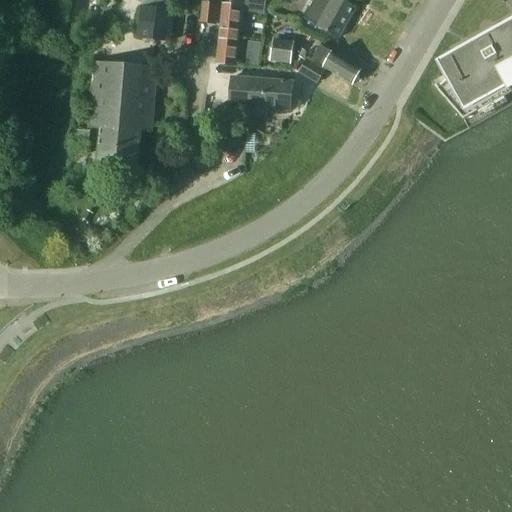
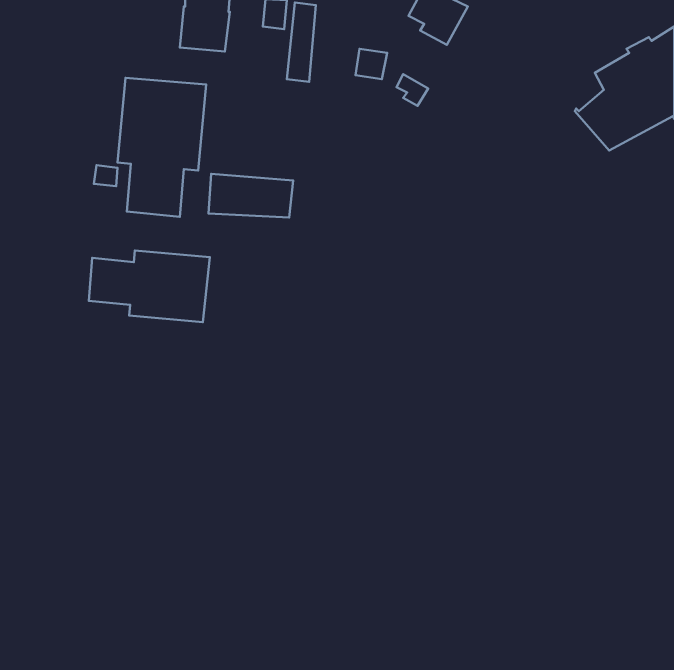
building: [312,43,361,81] -> none
building: [228,74,292,107] -> [209,174,293,218]
building: none -> [89,250,210,322]

